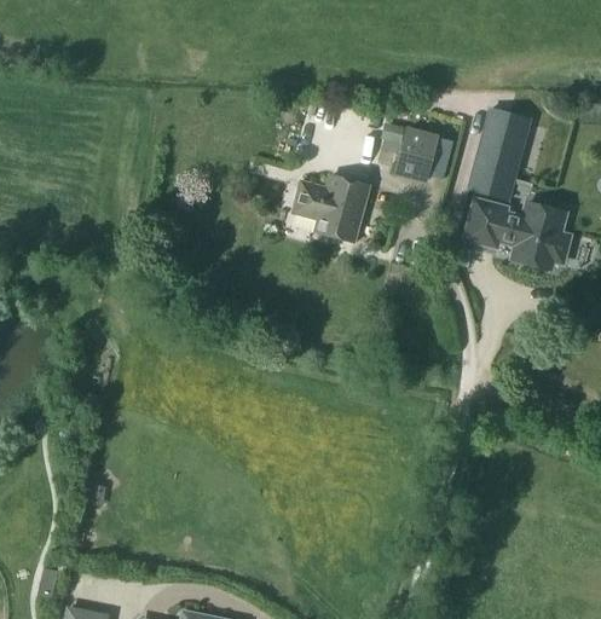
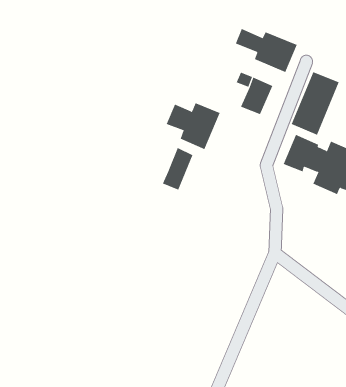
building: none -> [235,28,297,73]
building: none -> [162,147,193,190]

